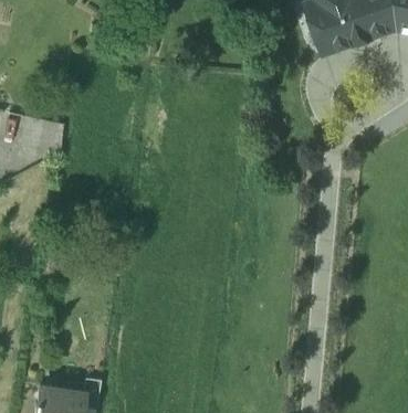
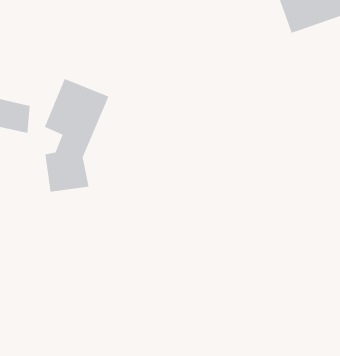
building: none -> [44,78,109,192]

